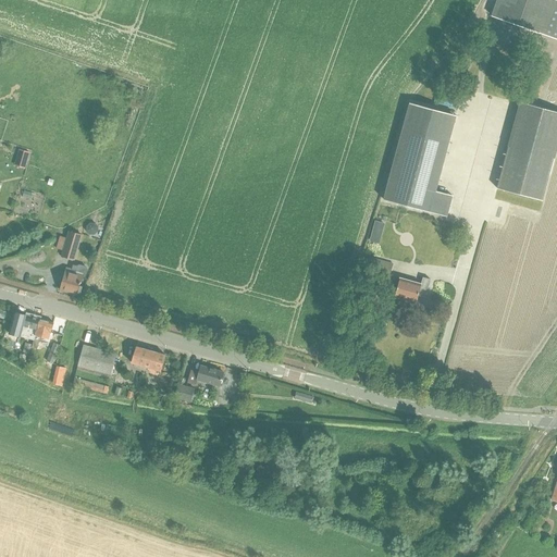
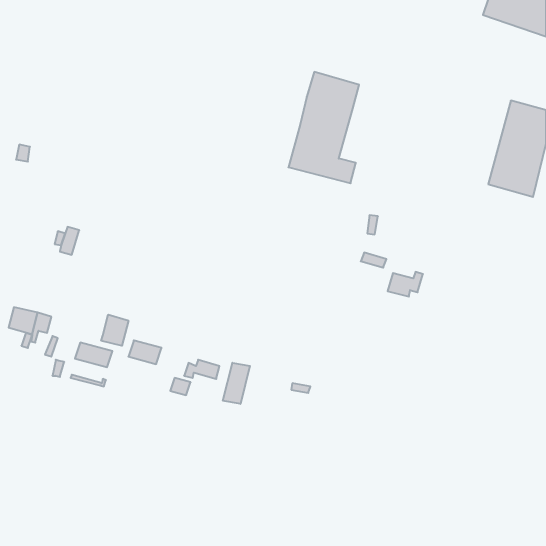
building: [383,102,455,215] -> [288,72,359,183]
building: [59,263,87,294] -> none
building: none -> [101,315,128,346]
building: none -> [223,363,250,404]

